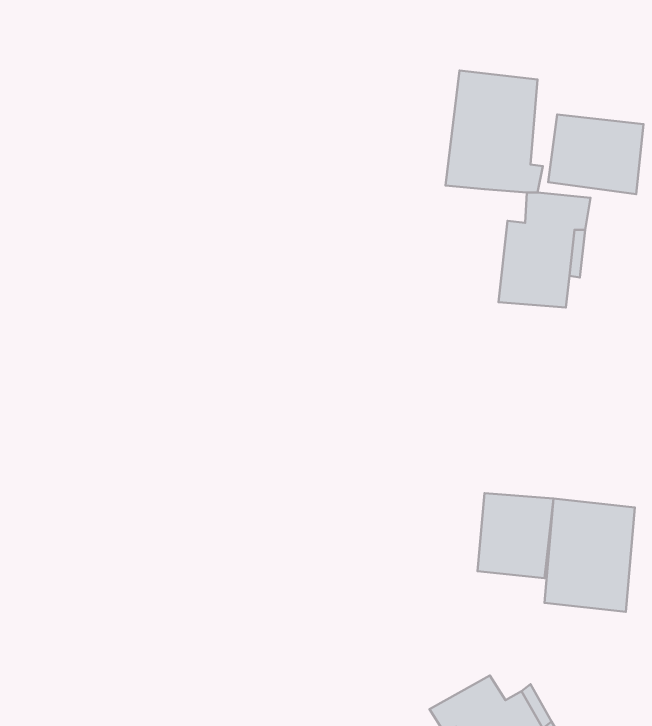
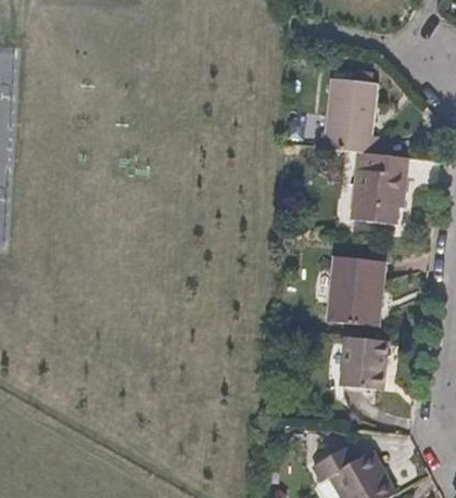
building: [548,114,644,194] -> none
building: [545,499,635,612] -> [332,255,388,324]

